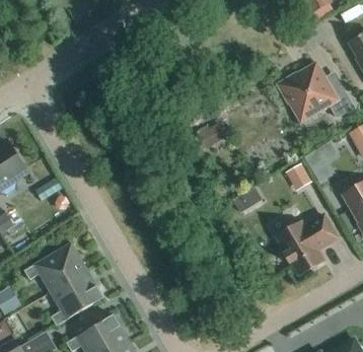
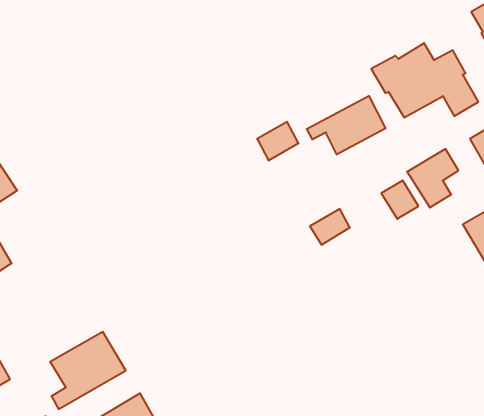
building: none -> [307,96,385,154]
building: [277,215,338,275] -> none
building: [23,242,87,292] -> none

